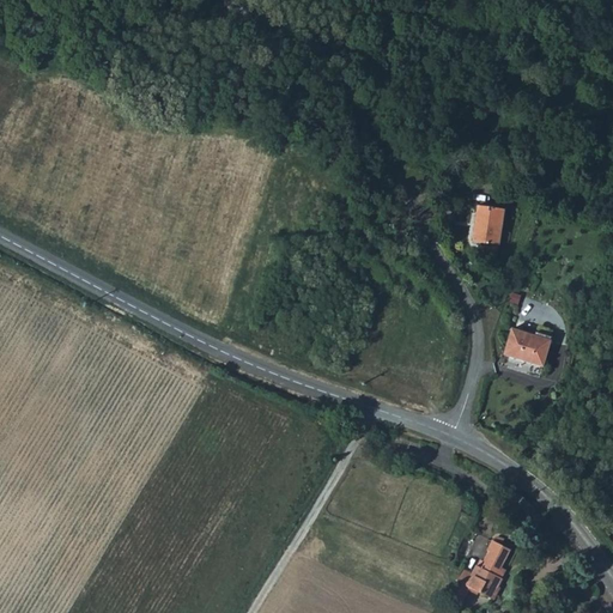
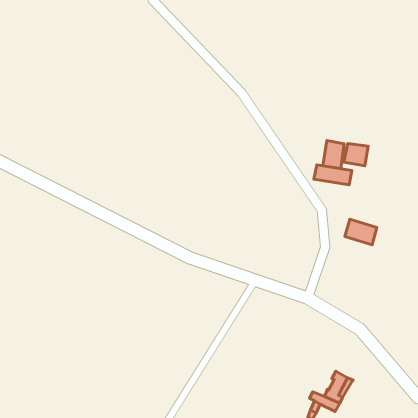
building: none -> [344,143,368,166]
building: none -> [314,165,352,185]

